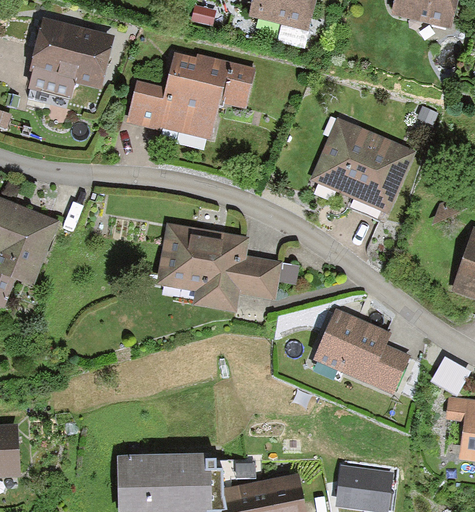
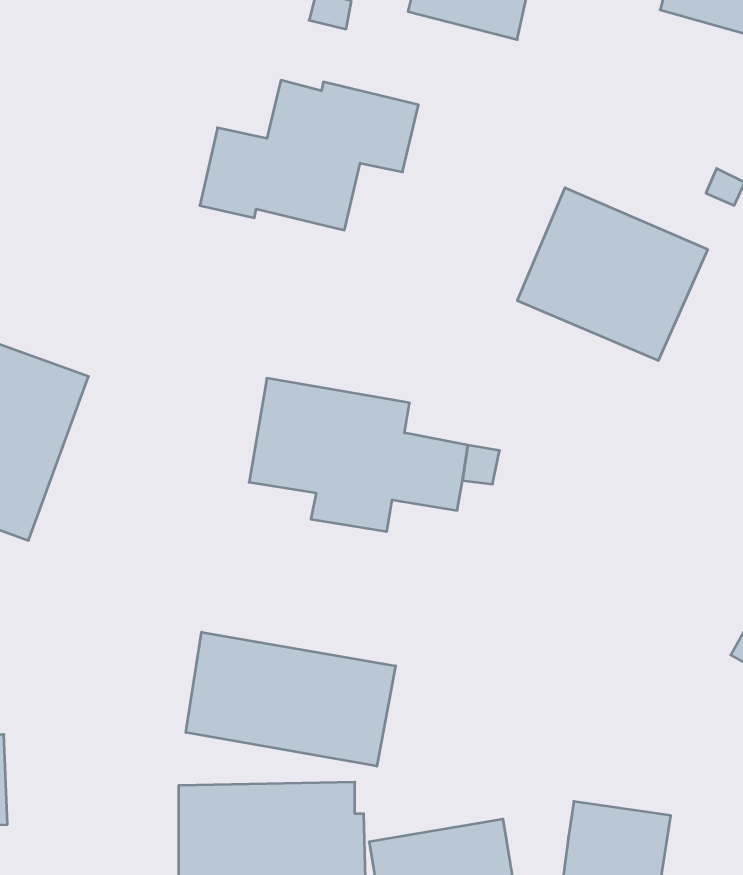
building: [27,16,114,100] -> none
building: [313,305,411,395] -> none
building: none -> [186,632,396,766]

